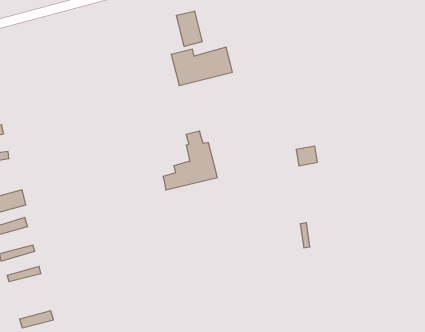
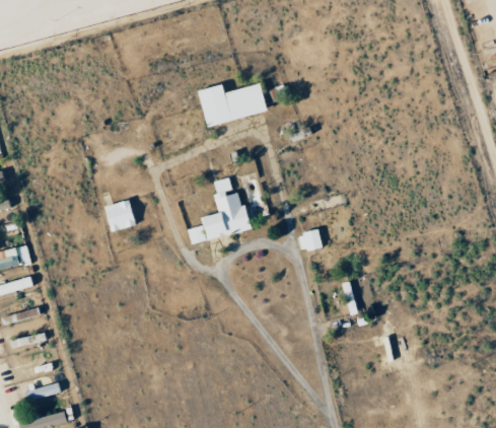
building: [176,11,202,47] -> none
building: [296,146,317,166] -> [298,229,323,252]
building: none -> [102,199,137,232]

